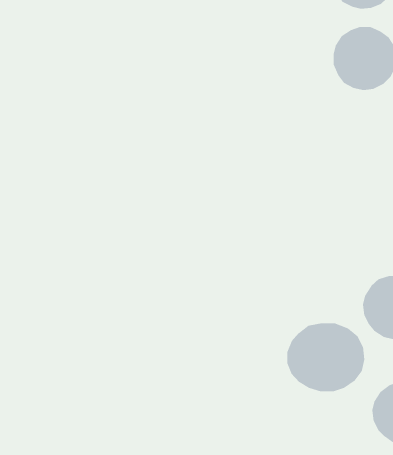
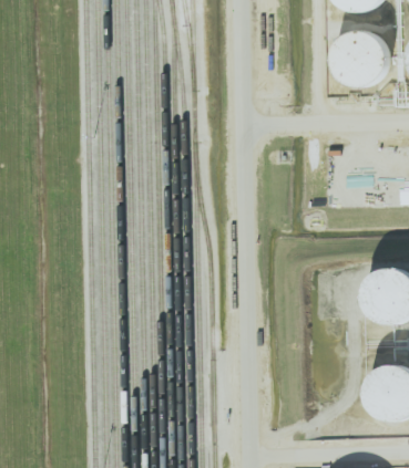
building: [287,323,365,392] -> none

